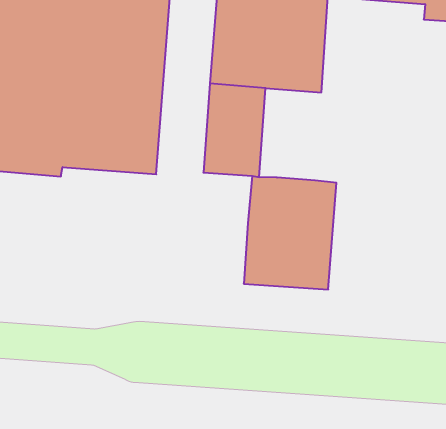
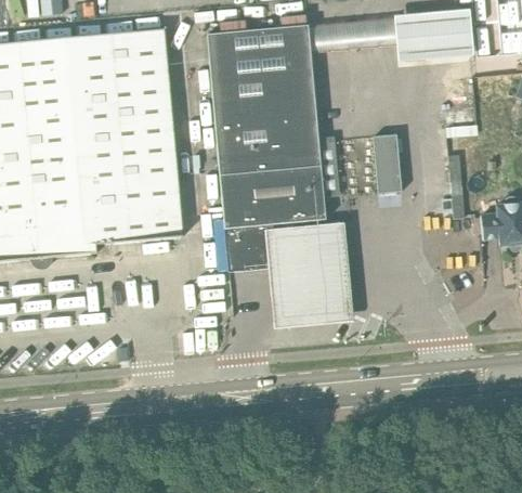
building: none -> [266,135,339,222]
building: none -> [373,133,401,192]
building: none -> [223,222,271,270]

